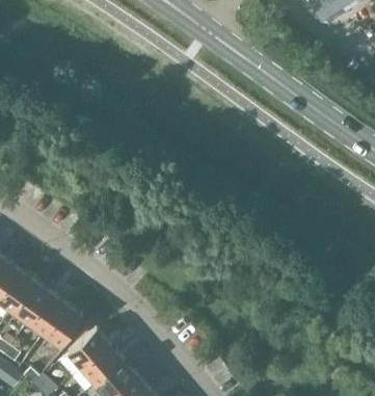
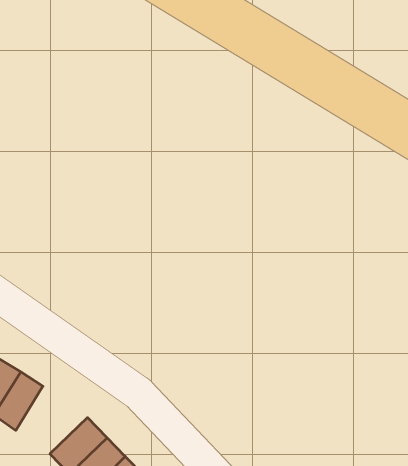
building: [44,303,83,346] -> none

